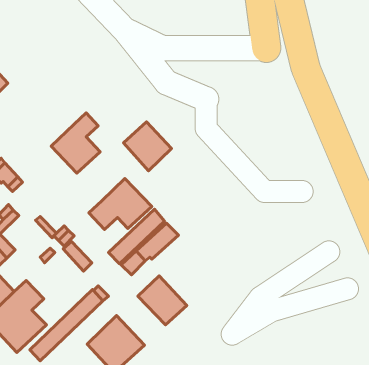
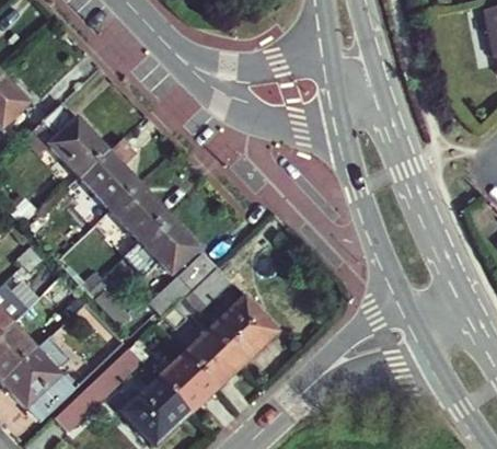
building: none -> [24,101,107,176]
building: [124,122,172,171] -> [111,183,167,241]
building: none -> [208,296,277,365]
building: none -> [158,354,216,412]

